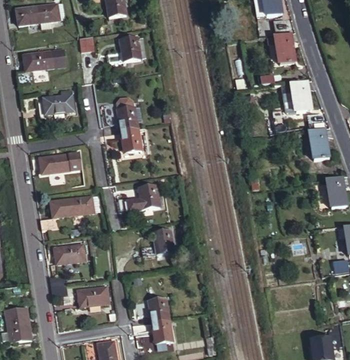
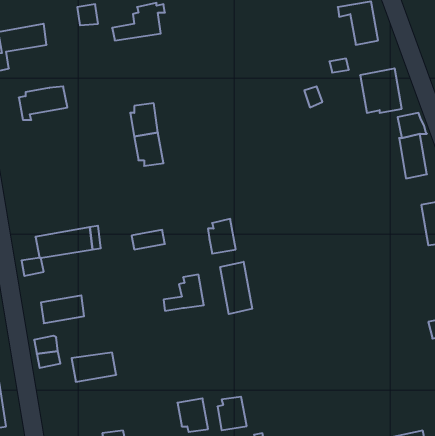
building: [35,153,72,174] -> none
building: [140,182,160,207] -> [208,219,236,254]
building: none -> [220,262,252,314]
building: [149,297,170,321] -> [217,397,247,430]

